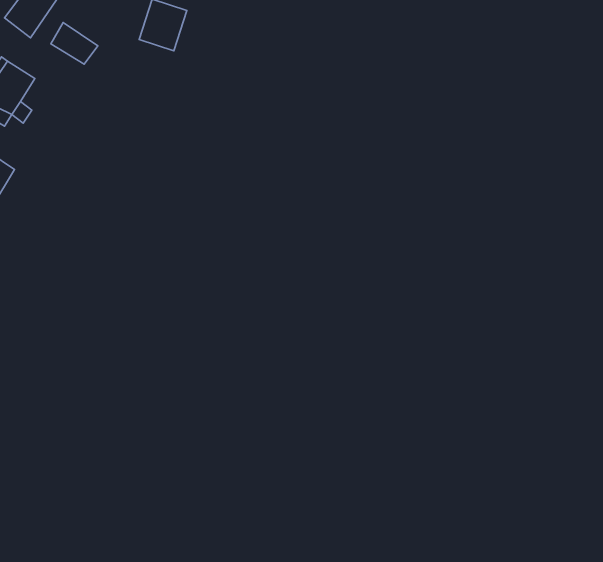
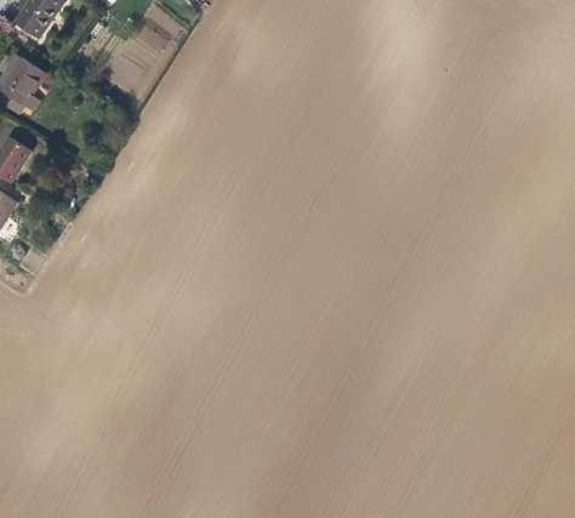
building: [51,22,98,64] -> none

